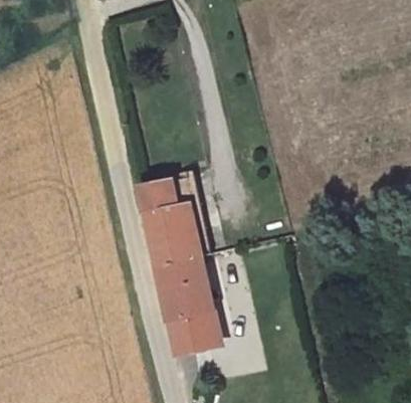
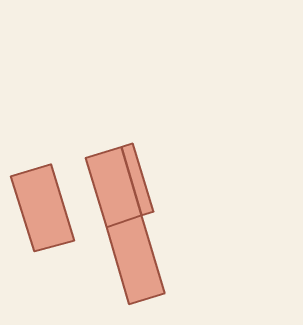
building: none -> [11,164,74,251]

